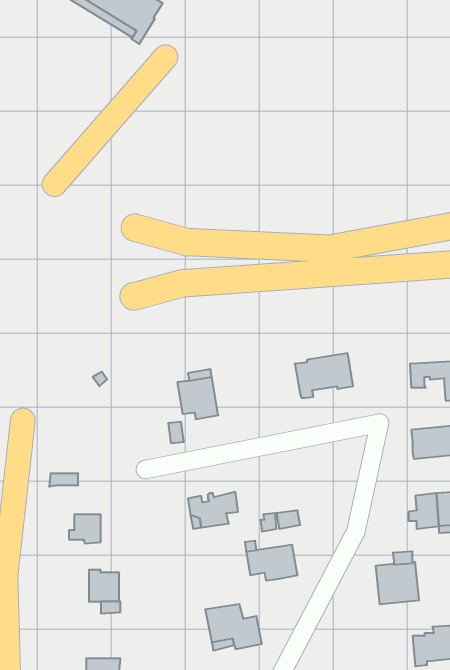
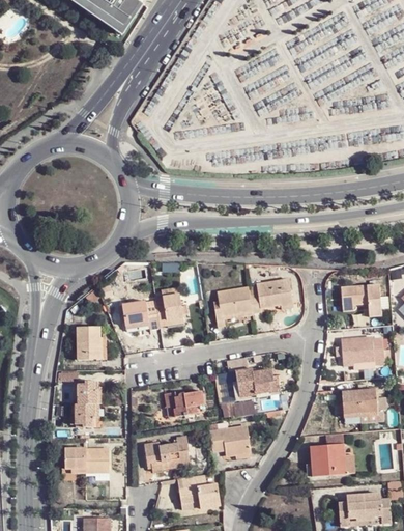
building: none -> [215,286,253,327]
building: none -> [123,300,161,330]
building: none -> [79,327,109,360]
building: none -> [236,367,280,396]
building: none -> [79,382,98,404]
building: none -> [142,437,190,469]
building: none -> [64,448,87,481]

